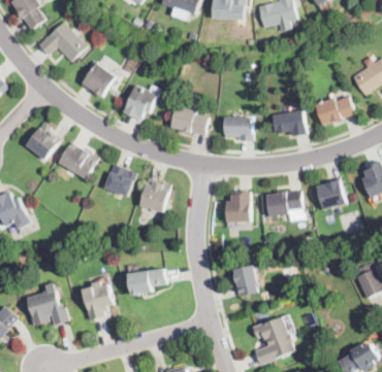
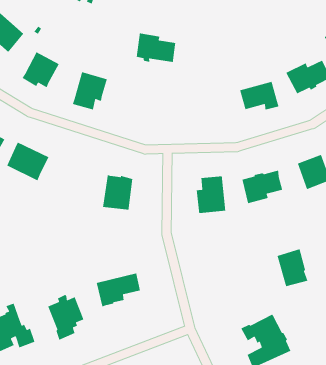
building: [170,105,208,135] -> [136,32,176,63]
building: [223,116,252,140] -> none
building: [102,164,135,197] -> none
building: [231,263,257,296] -> [277,248,308,287]

